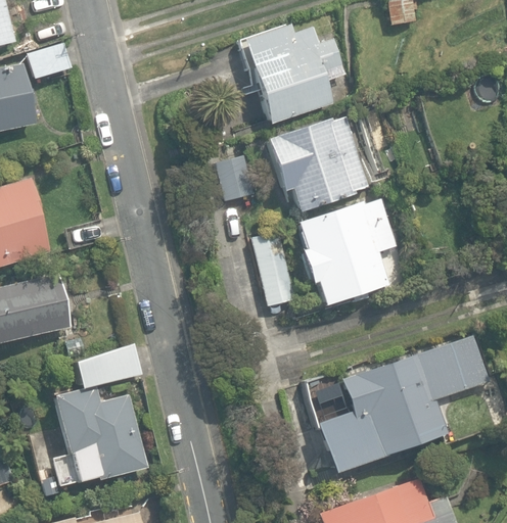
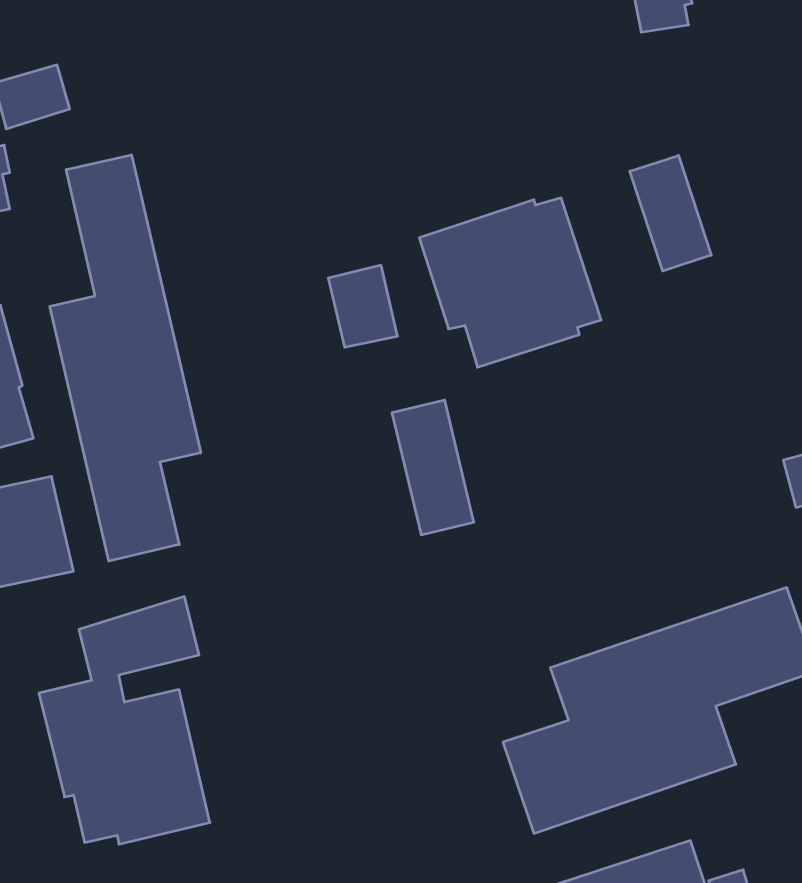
building: [241,23,345,125] -> none
building: none -> [50,155,201,561]
building: none -> [630,155,711,271]
building: [296,197,398,304] -> none

